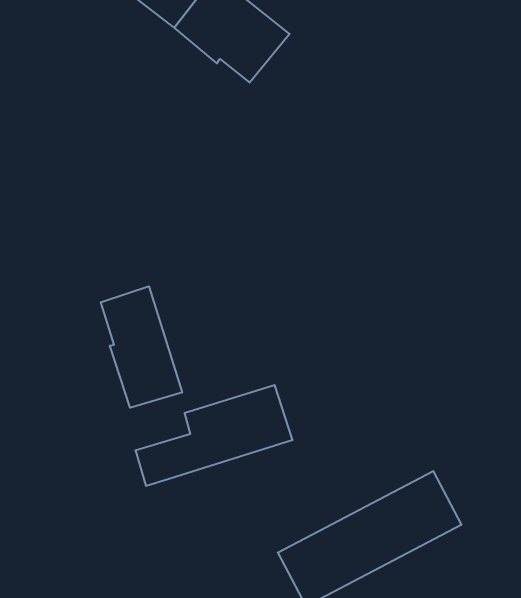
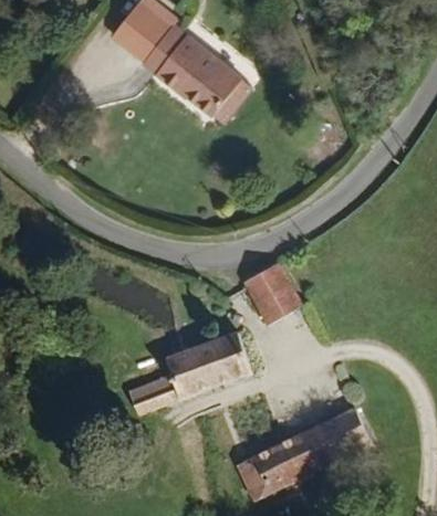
building: none -> [242,262,302,325]
building: [101,286,182,408] -> none

